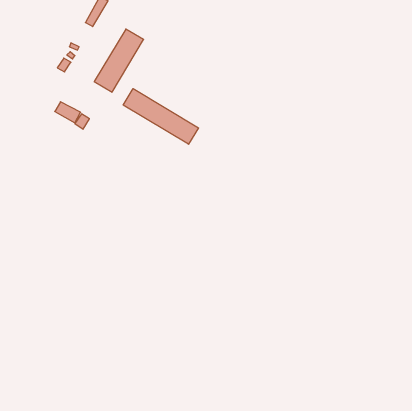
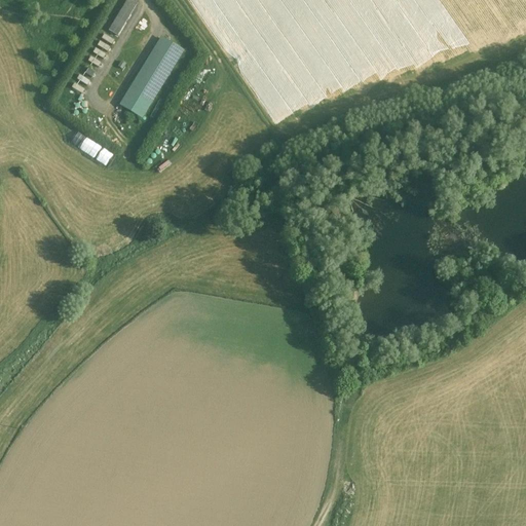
building: [123,89,199,144] -> none

